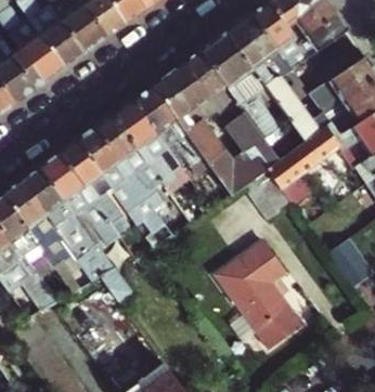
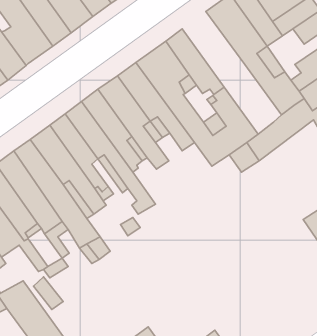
building: [201,30,297,160] -> none
building: [215,239,302,348] -> none

